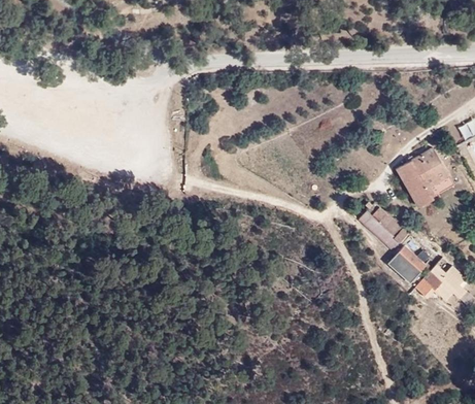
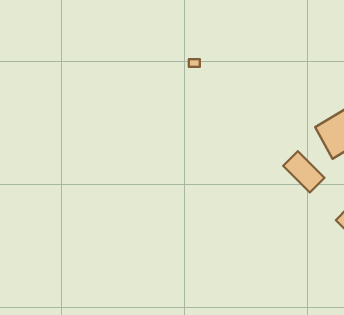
building: [389,245,426,282] -> none

